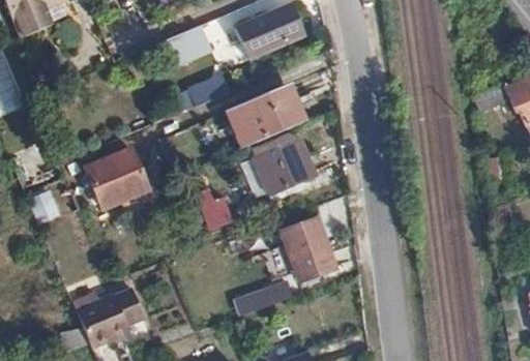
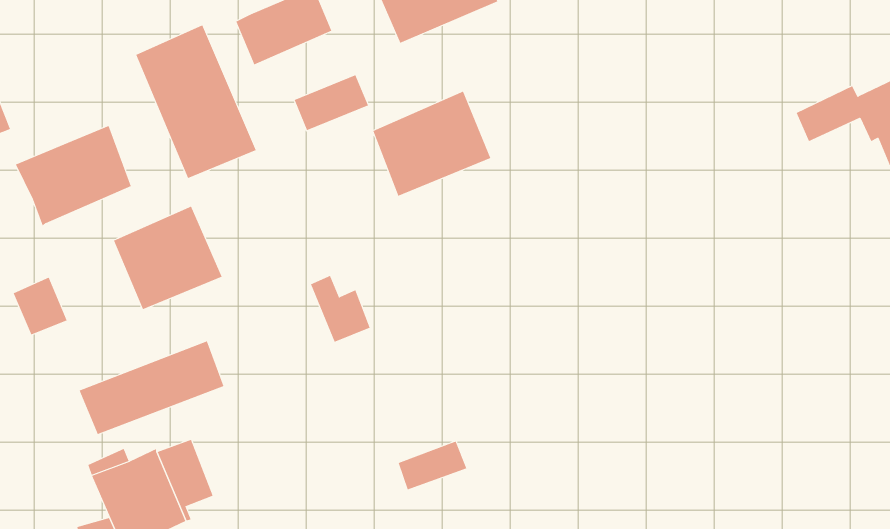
building: none -> [135,24,257,179]
building: none -> [15,125,132,227]
building: [255,139,314,192] -> none
building: [282,220,335,282] -> none
building: none -> [79,340,224,435]

